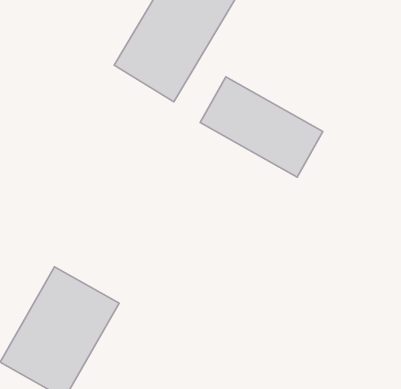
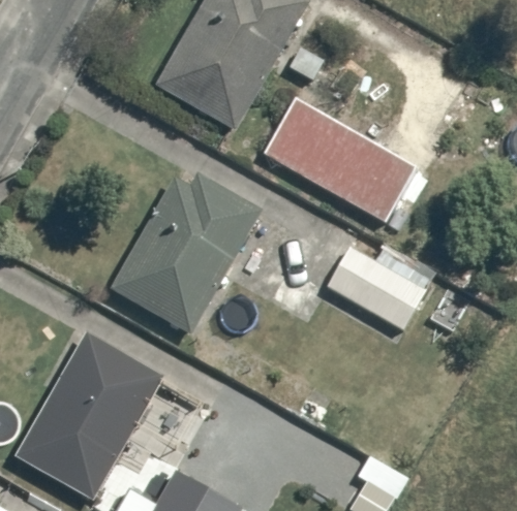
building: none -> [115,173,262,332]
building: none -> [326,244,425,328]

